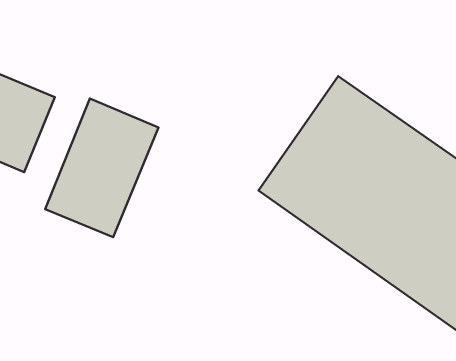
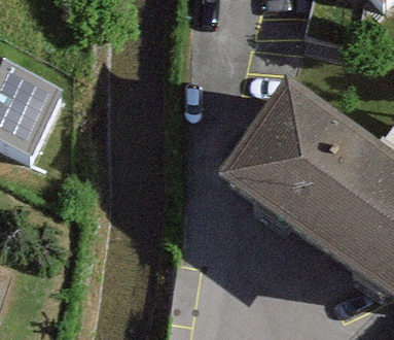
building: [45,99,159,237] -> none

